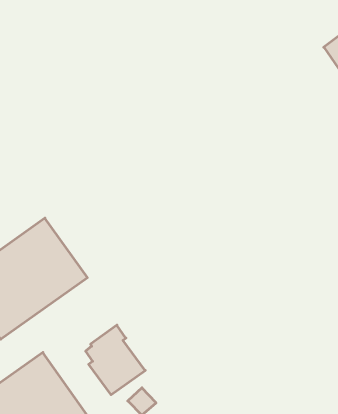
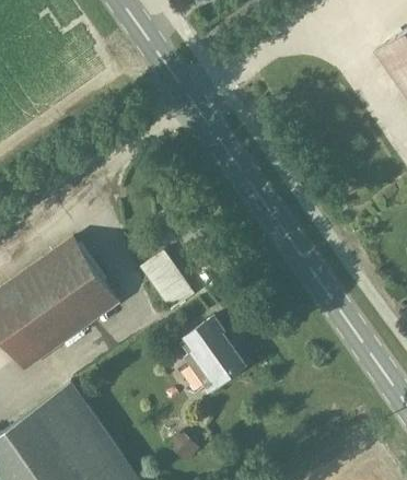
building: none -> [140,250,194,311]
building: [86,325,145,395] -> [181,316,245,391]

